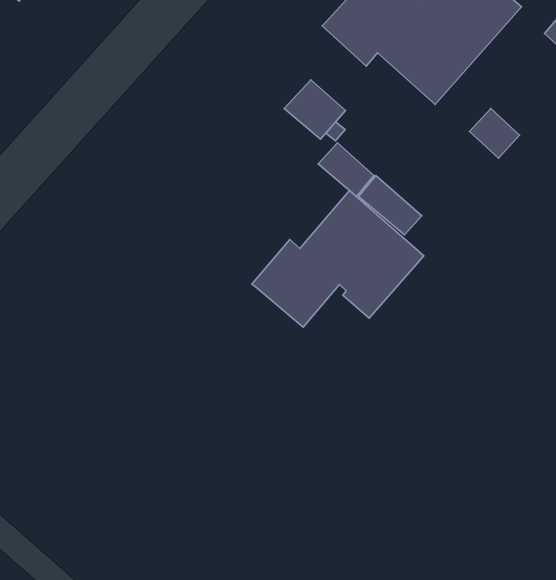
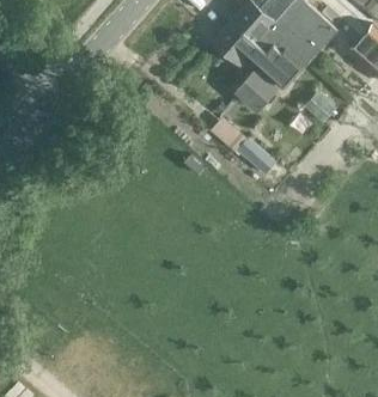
building: [284,80,345,139] -> [234,72,273,109]
building: [252,191,424,327] -> none

